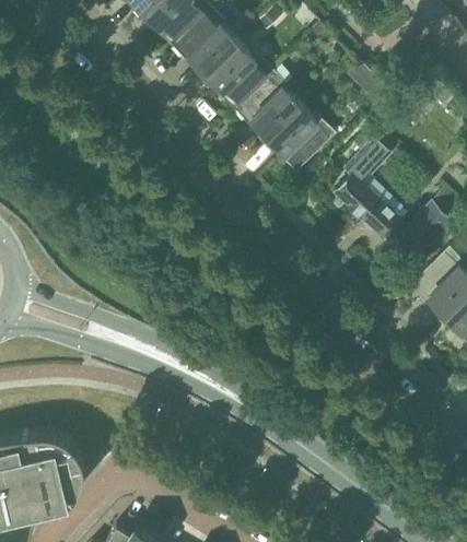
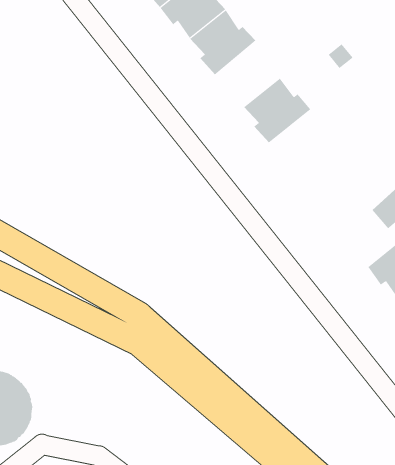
building: [233,69,300,138] -> none
building: [334,138,399,236] -> none

